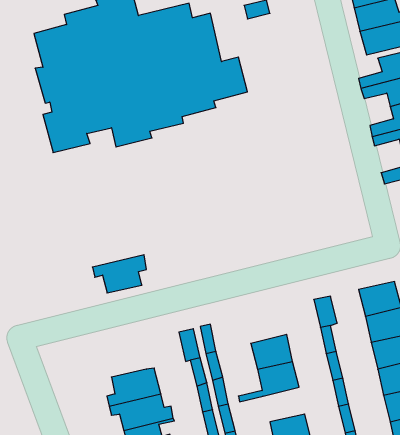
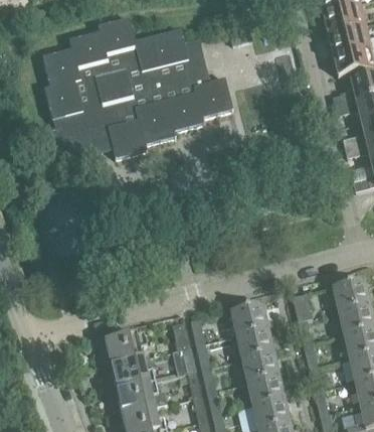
building: [92,255,146,293] -> [98,330,146,365]
building: none -> [230,303,267,334]
building: none -> [246,374,284,405]

